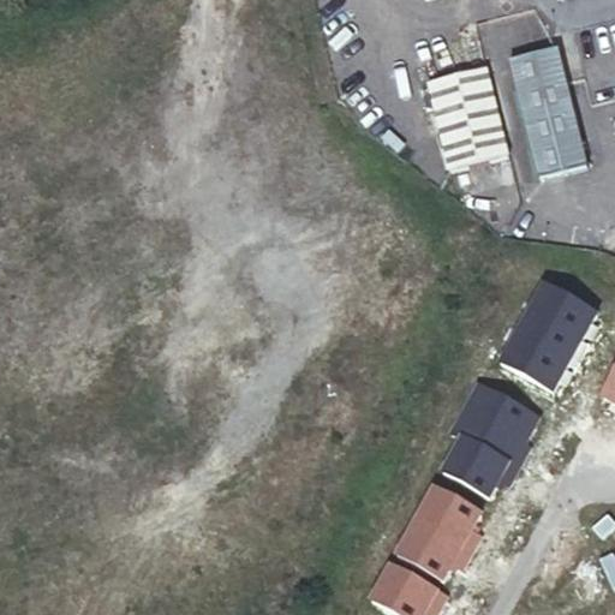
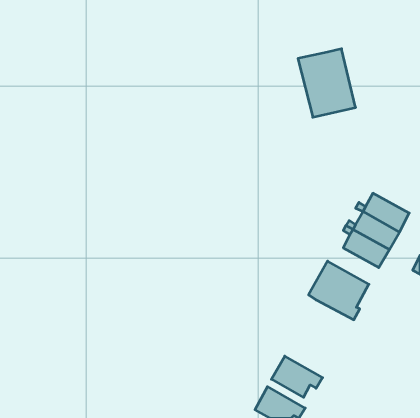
building: [508,46,586,177] -> none
building: [441,436,515,496] -> none
building: [414,484,479,549] -> none

